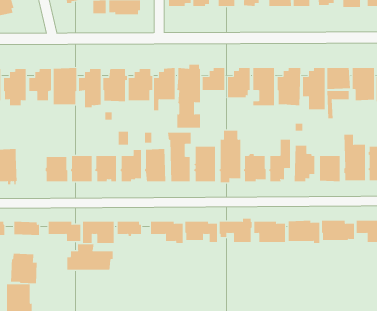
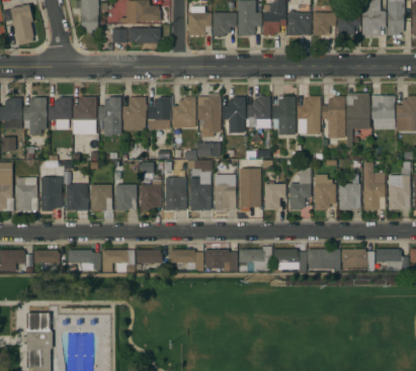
building: none -> [40,170,62,210]
building: [67,243,113,270] -> none
building: [11,253,37,284] -> none

